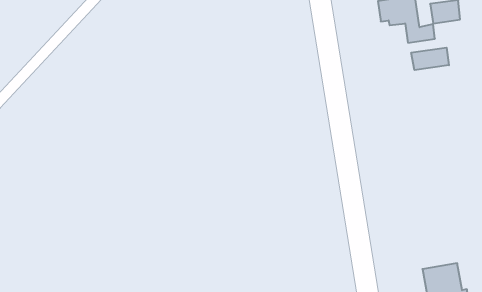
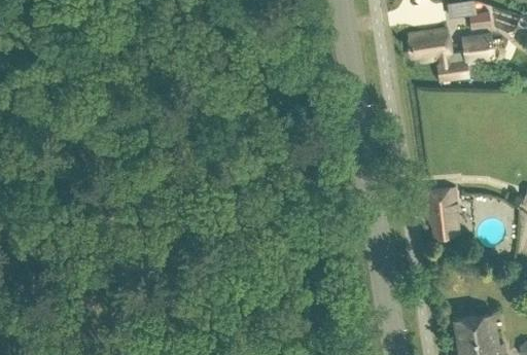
building: [411,48,449,70] -> none
building: none -> [423,188,458,237]

